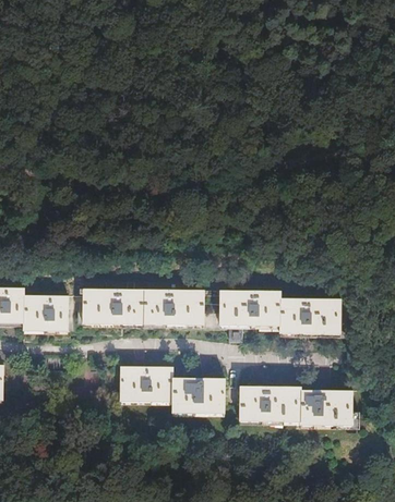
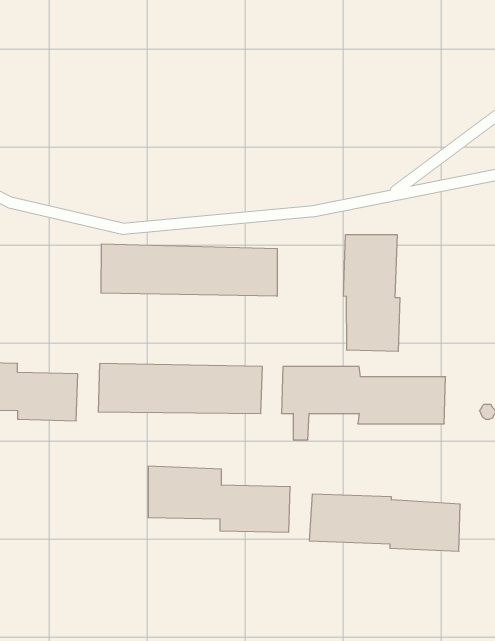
building: none -> [343,235,400,351]
building: none -> [101,244,277,296]

